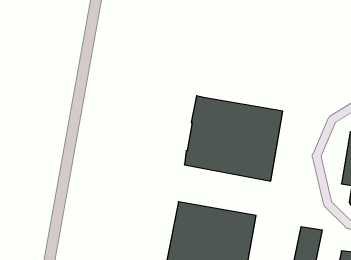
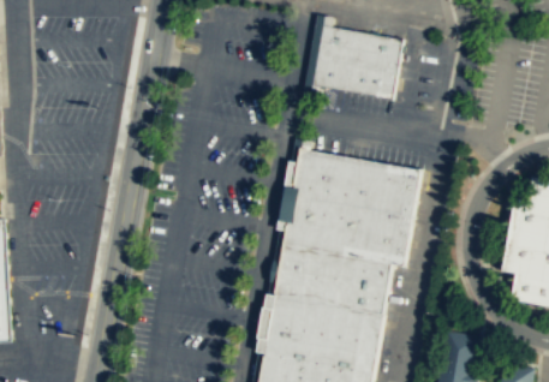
building: none -> [315,25,404,100]
building: none -> [276,244,393,315]

